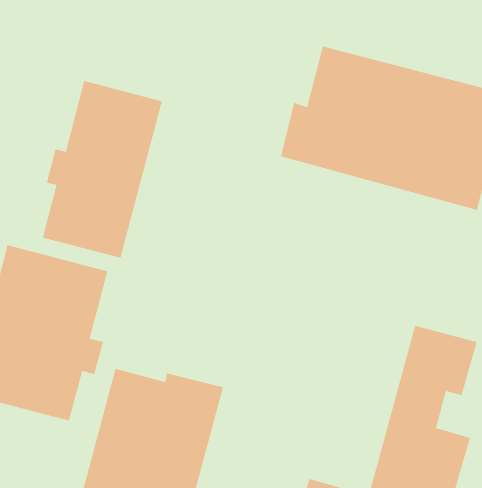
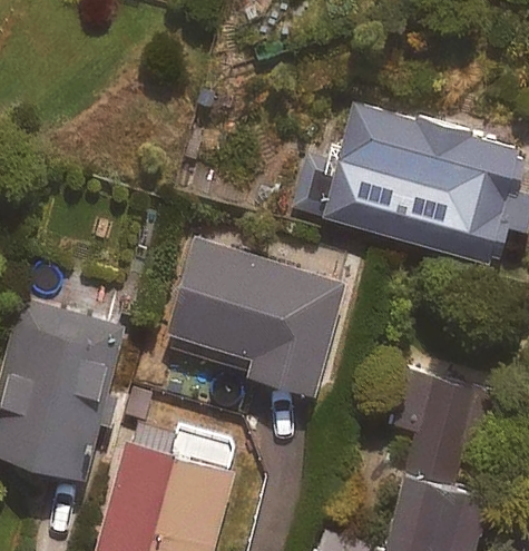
building: [42,80,162,259] -> none
building: none -> [169,240,345,393]

